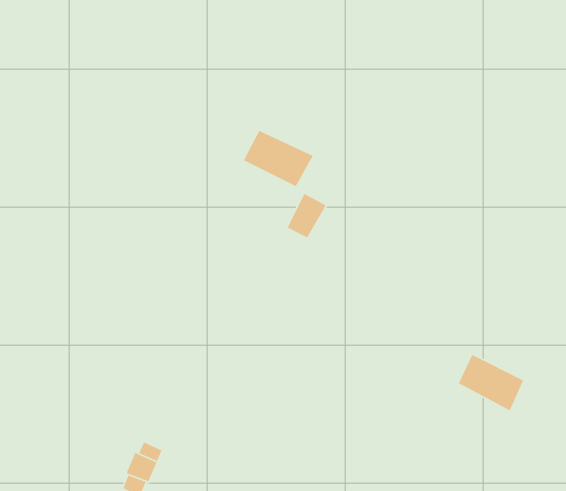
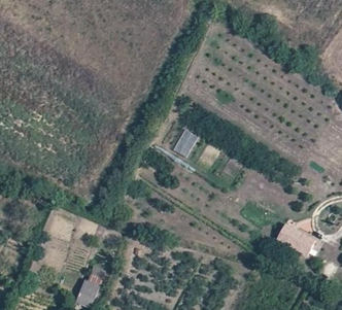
building: [243,130,314,187] -> none

